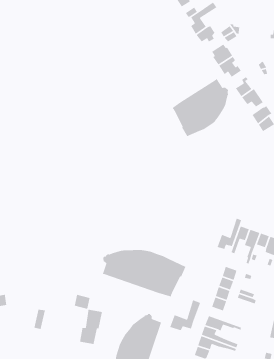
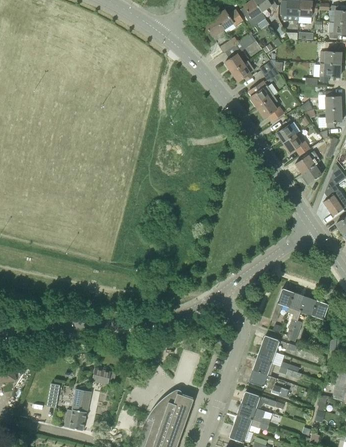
building: [172,78,229,137] -> none
building: [217,218,242,250] -> none
building: [102,249,186,298] -> none
building: [169,299,201,331] -> none
building: [79,309,103,345] -> [65,389,92,430]

